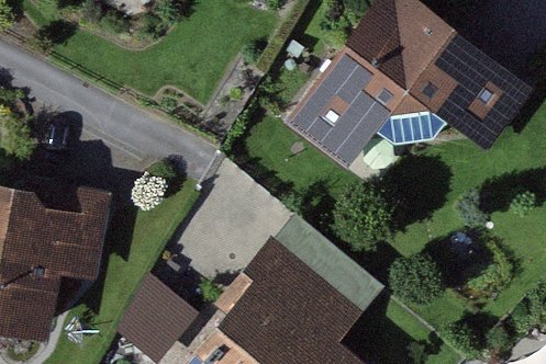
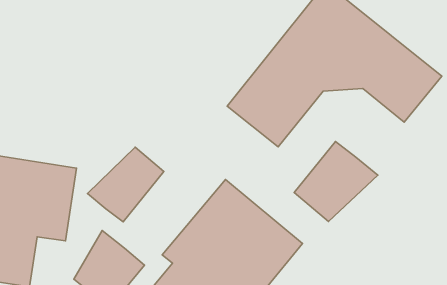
building: none -> [294,142,378,221]
building: none -> [87,147,164,222]

